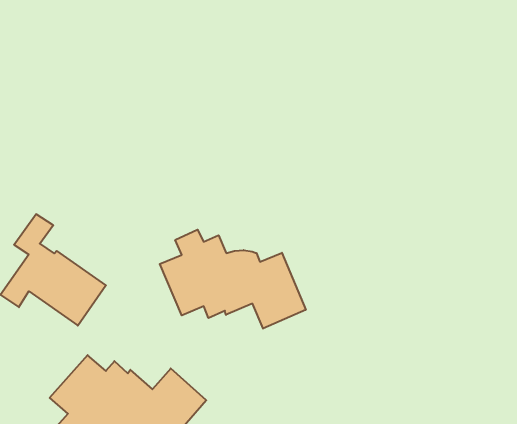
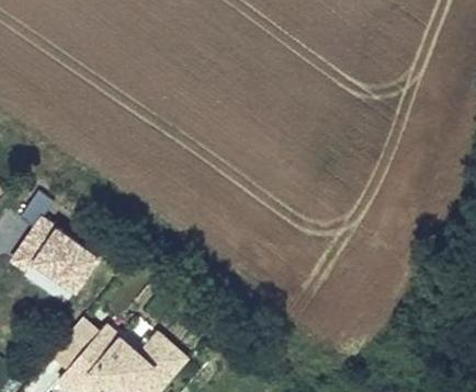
building: [160,230,306,329] -> none

